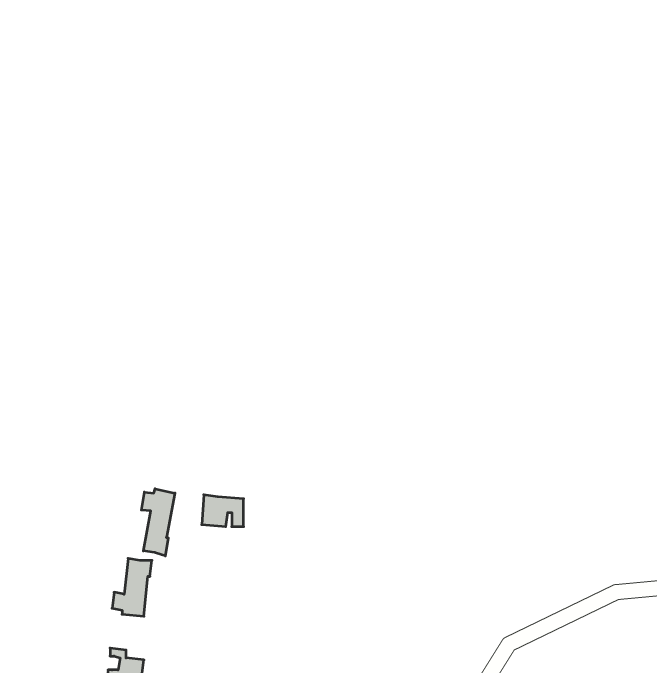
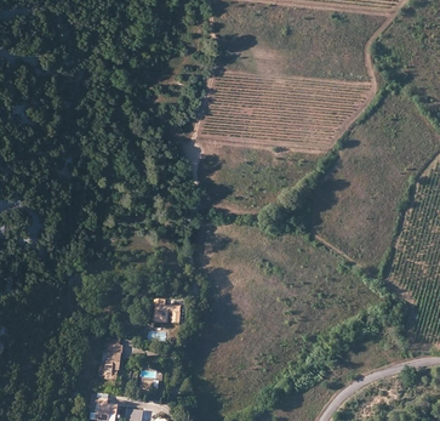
building: [141,489,175,556] -> none

